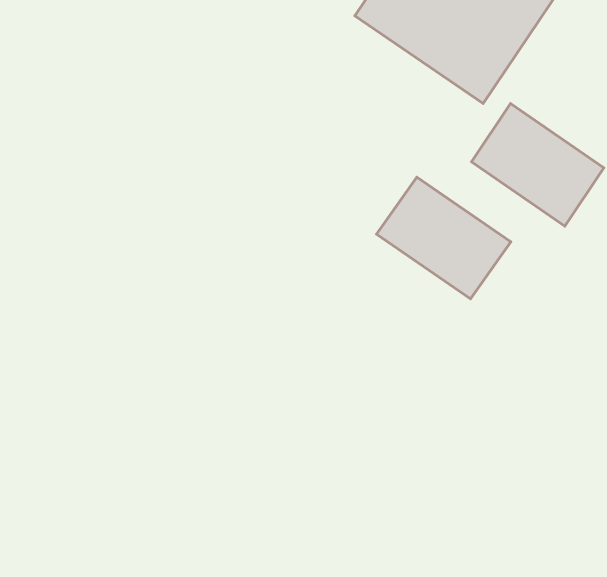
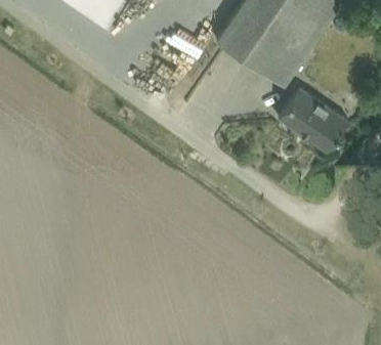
building: [376,177,511,299] -> none

